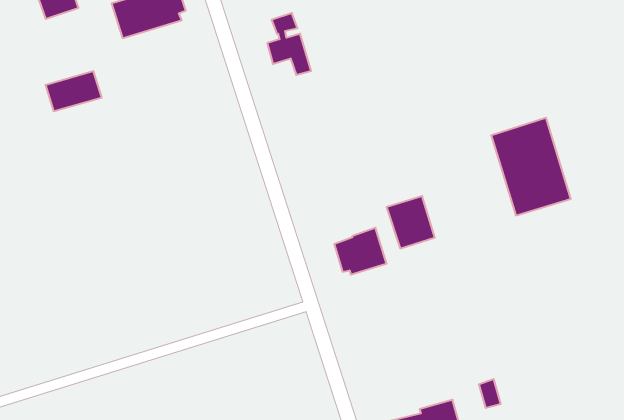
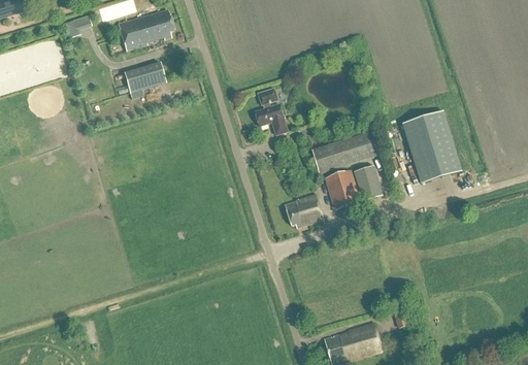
building: [267,13,311,75] -> [255,89,288,135]
building: [45,71,102,111] -> [123,62,165,92]
building: none -> [311,130,377,173]
building: none -> [354,166,383,201]

